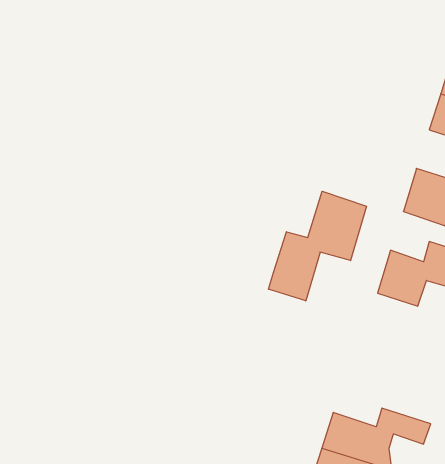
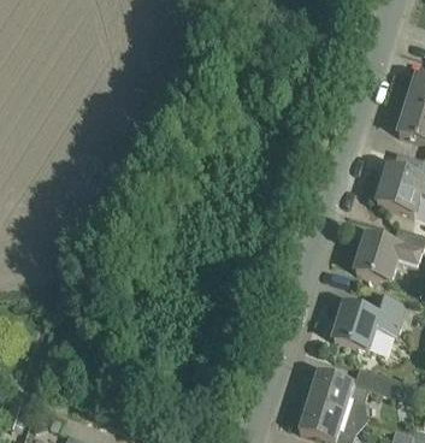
building: [268,191,367,301] -> none
building: none -> [333,297,405,354]

